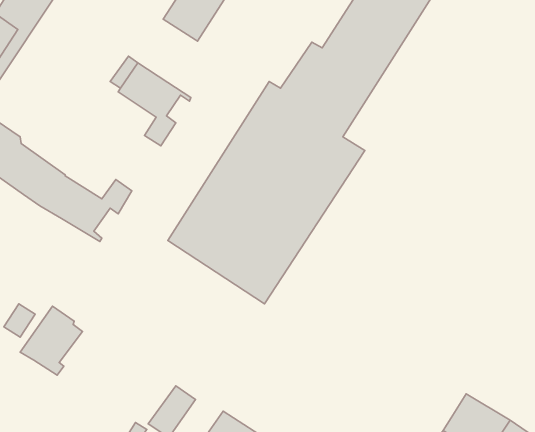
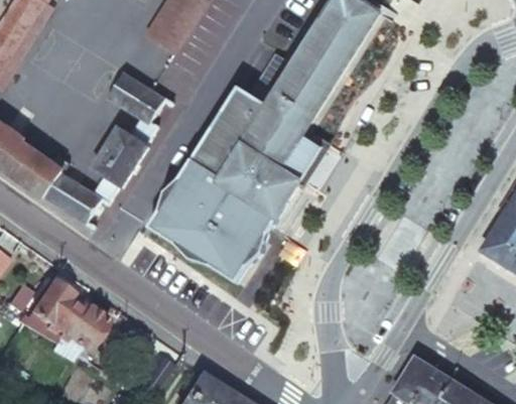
building: none -> [95,127,147,183]
building: none -> [52,305,105,360]

